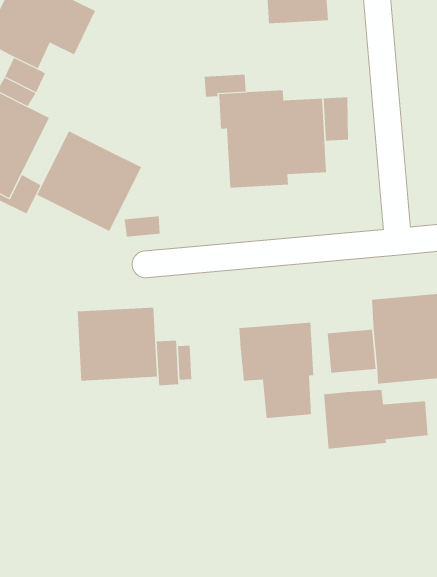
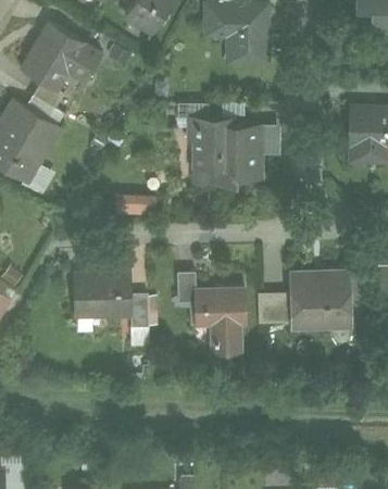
building: [37,130,142,232] -> none
building: none -> [176,272,196,303]
building: [323,389,428,449] -> none

